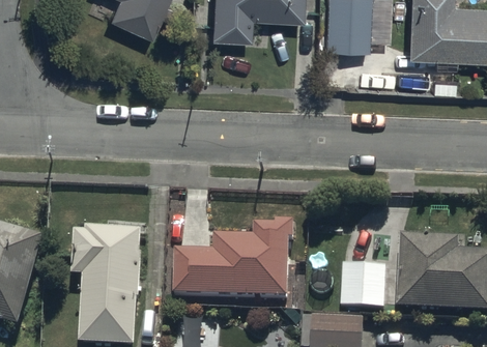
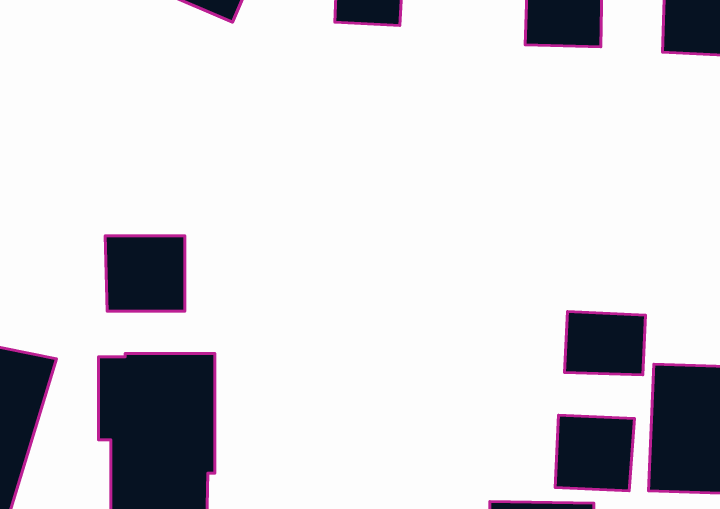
building: none -> [105,236,185,311]
building: none -> [564,311,646,375]
building: [174,220,294,296] -> none

